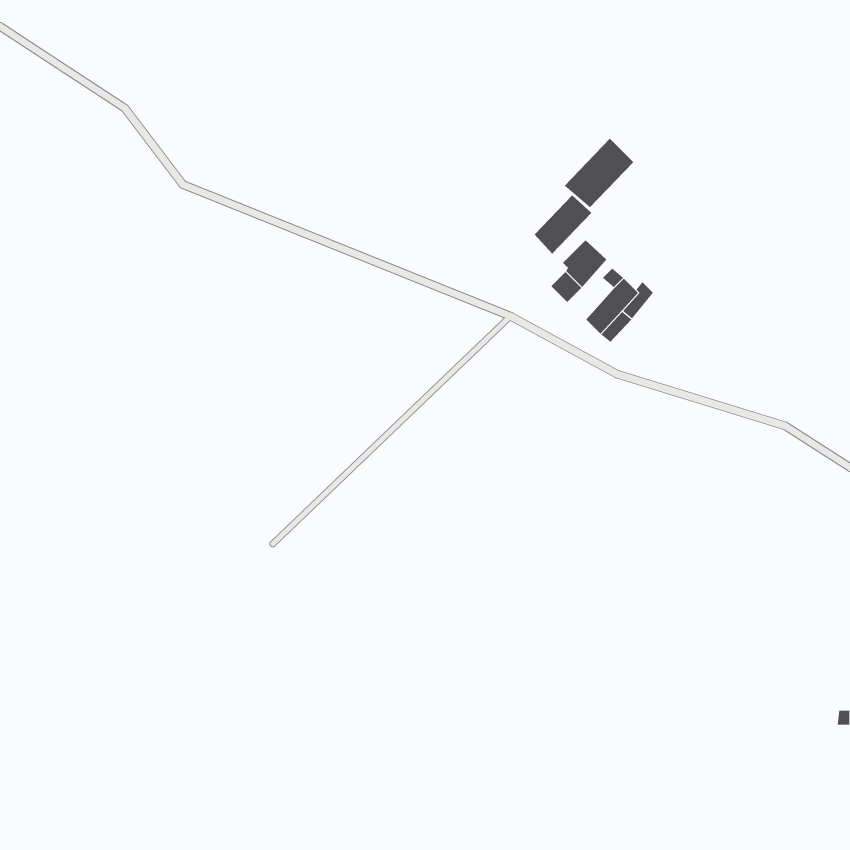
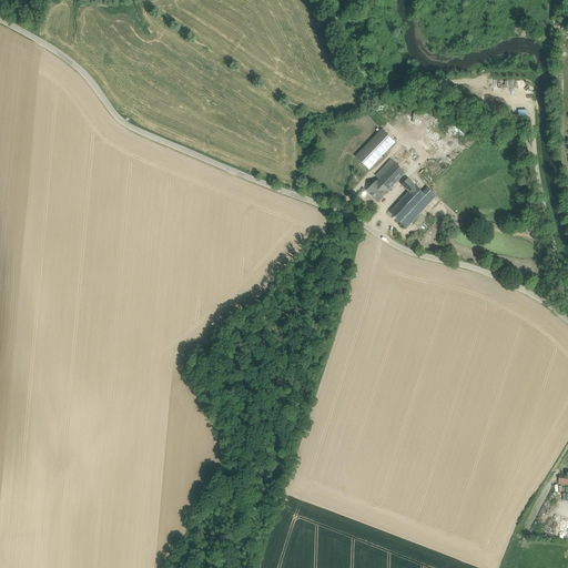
building: [564,138,634,208] -> none

